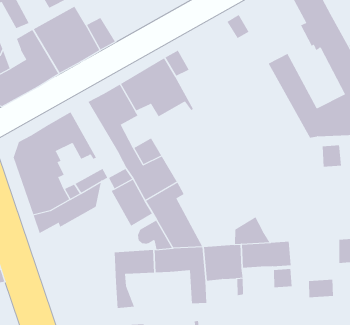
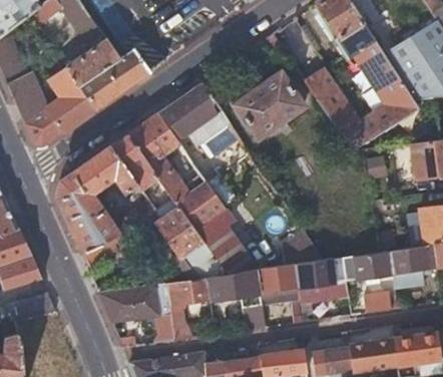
building: none -> [235,73,303,137]
building: none -> [111,134,162,190]
building: none -> [342,251,393,281]
building: none -> [100,284,174,342]

